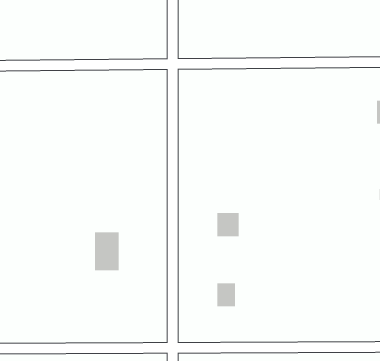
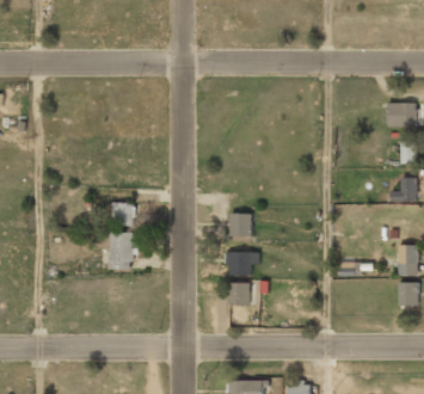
building: none -> [111,204,135,226]
building: none -> [226,252,256,276]

